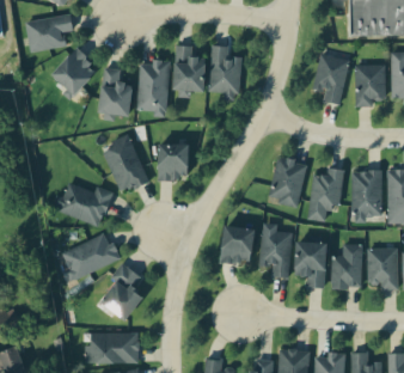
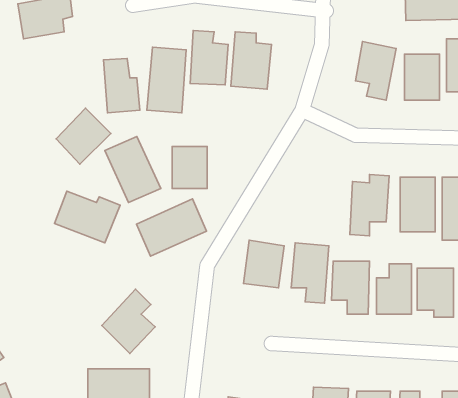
building: [51,47,98,94] -> [56,108,111,164]
building: [268,157,307,207] -> none
building: [60,232,120,281] -> [136,199,206,256]

